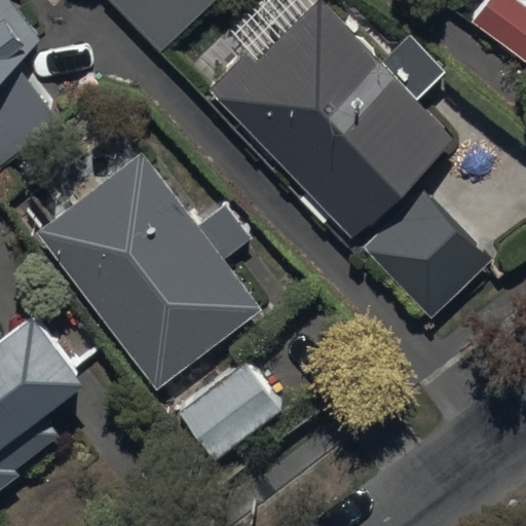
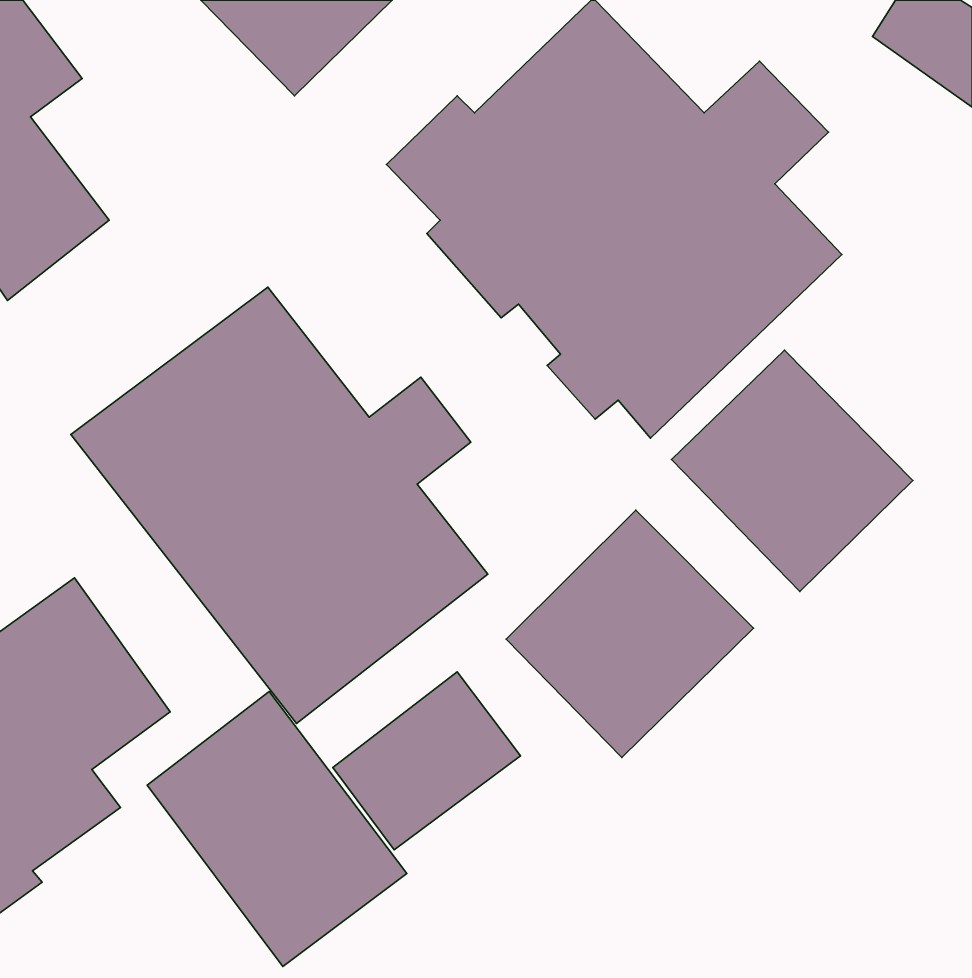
building: none -> [506,510,753,757]
building: none -> [147,692,407,967]

